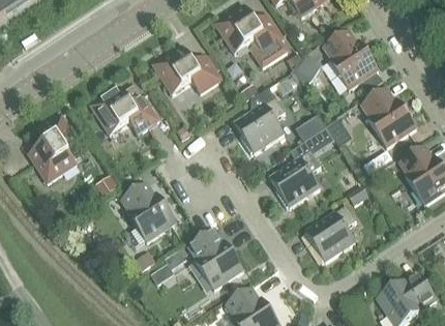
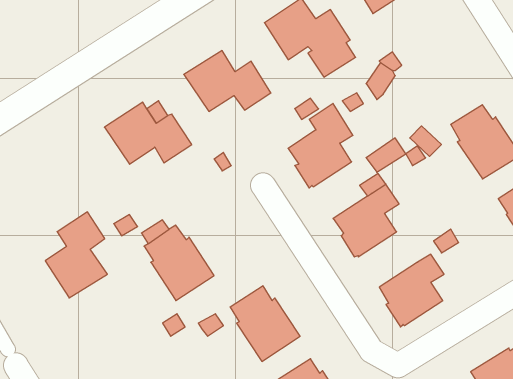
building: [323,30,378,88] -> none
building: [28,115,77,182] -> [45,212,107,298]

